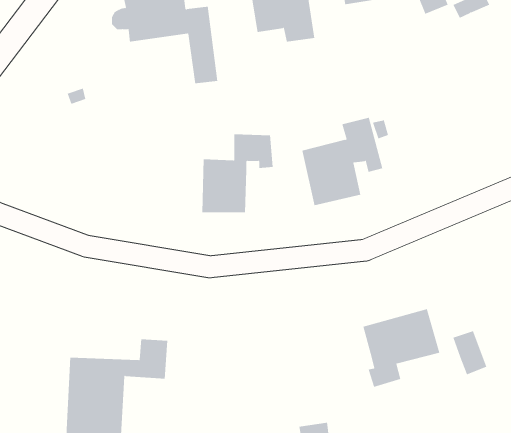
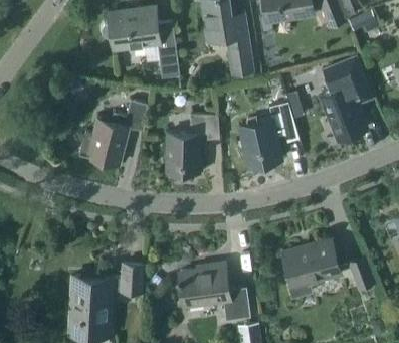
building: none -> [227,45,252,76]
building: none -> [320,58,369,140]
building: none -> [79,101,146,166]
building: none -> [178,264,249,321]

